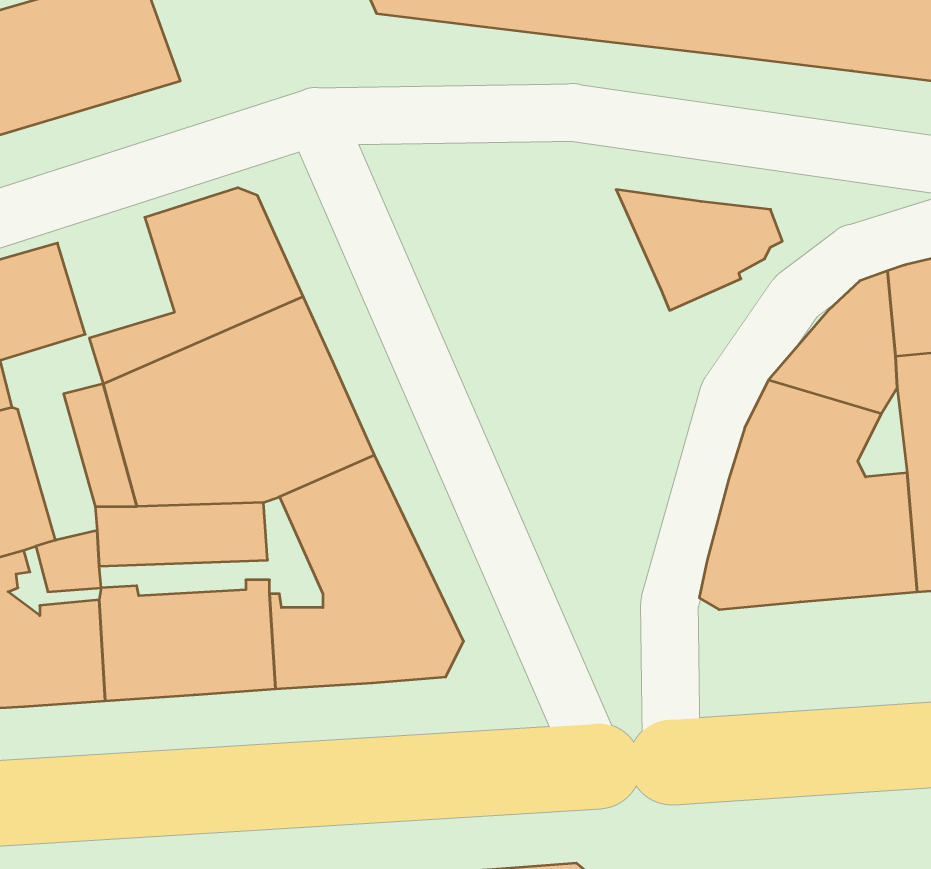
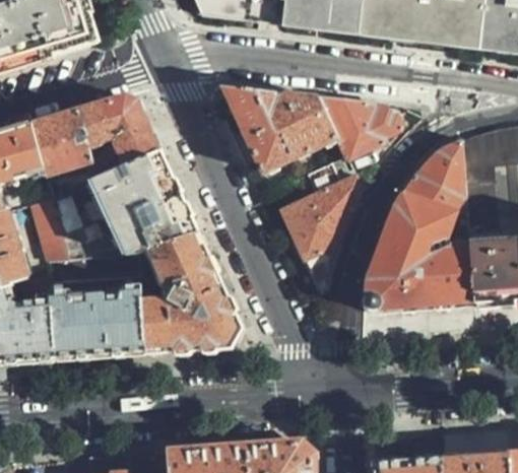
building: none -> [223,86,343,185]
building: none -> [34,113,93,175]
building: none -> [279,161,361,296]

